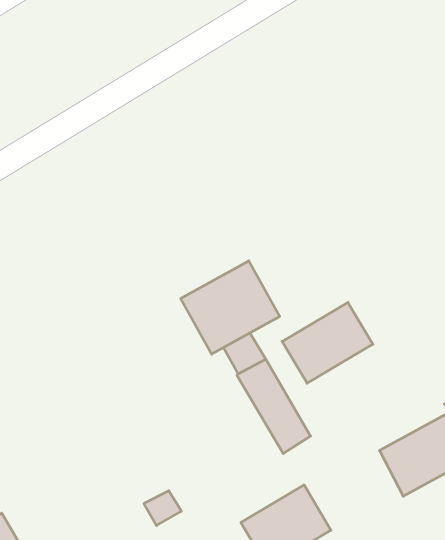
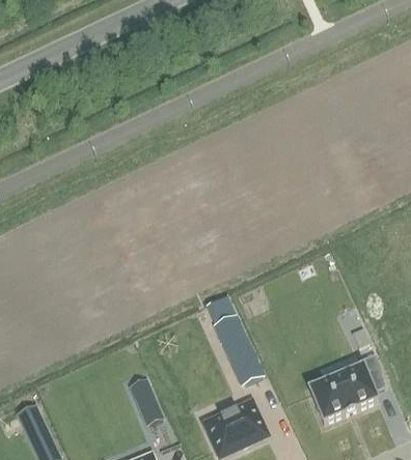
building: [181,261,280,354] -> none
building: [282,302,373,383] -> none

